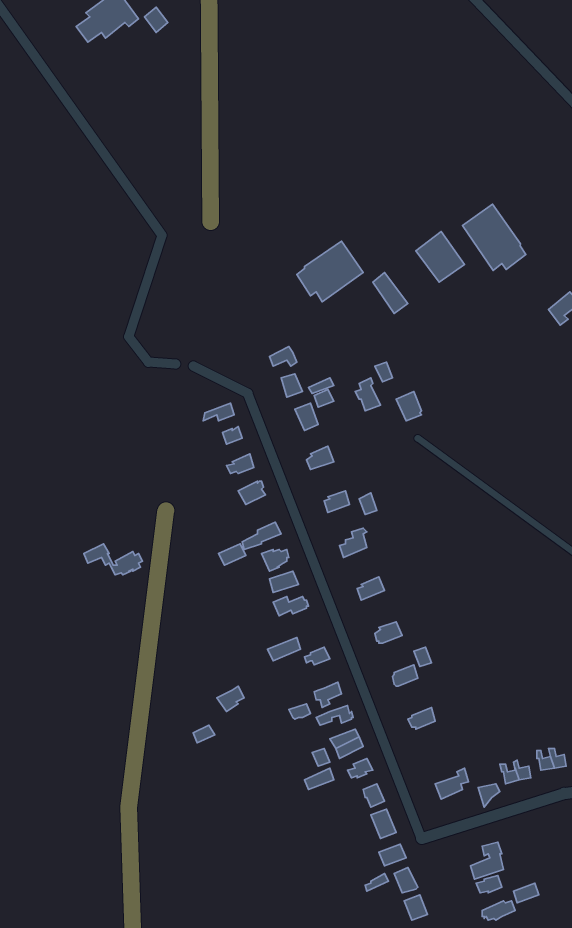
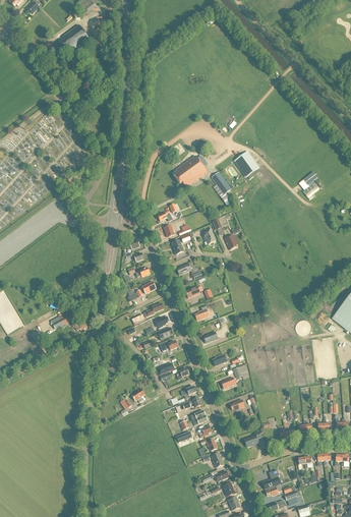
building: [463,204,526,270] -> none

